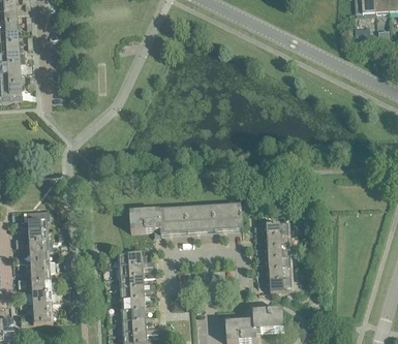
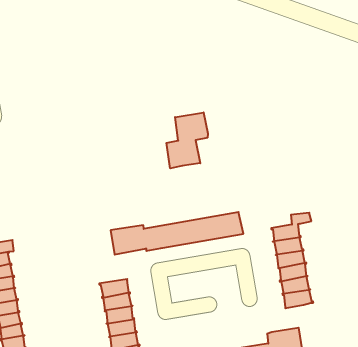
building: none -> [166,112,208,168]

